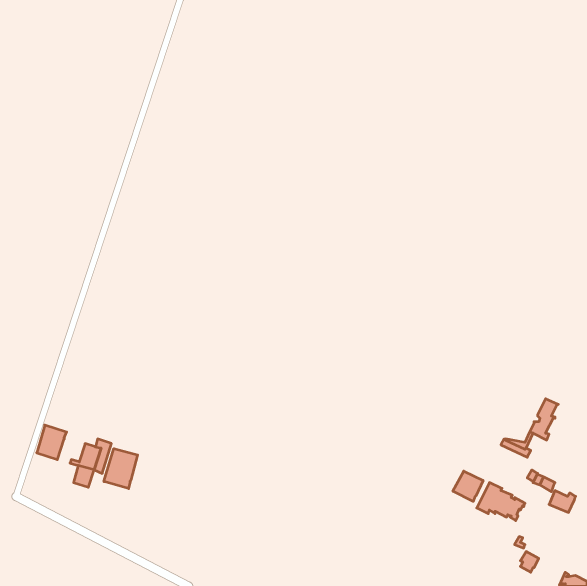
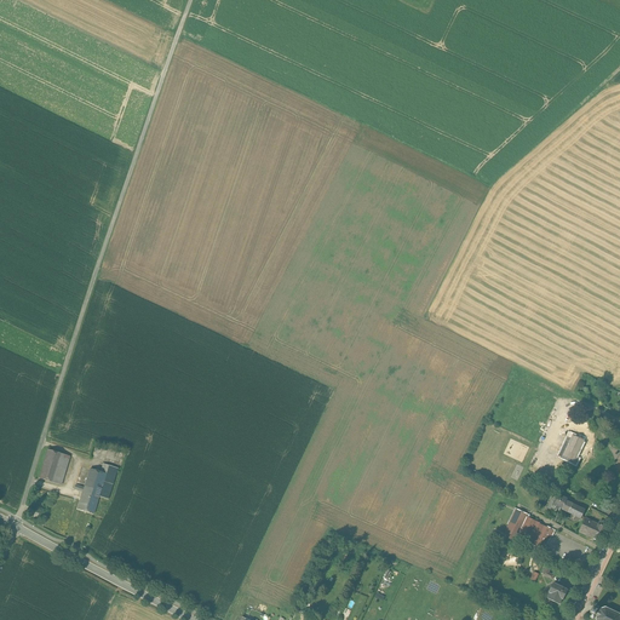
building: [104,449,138,489] -> none
building: [453,471,483,501] -> none

